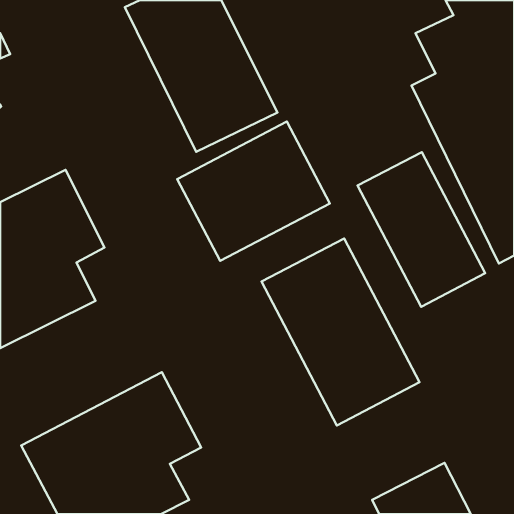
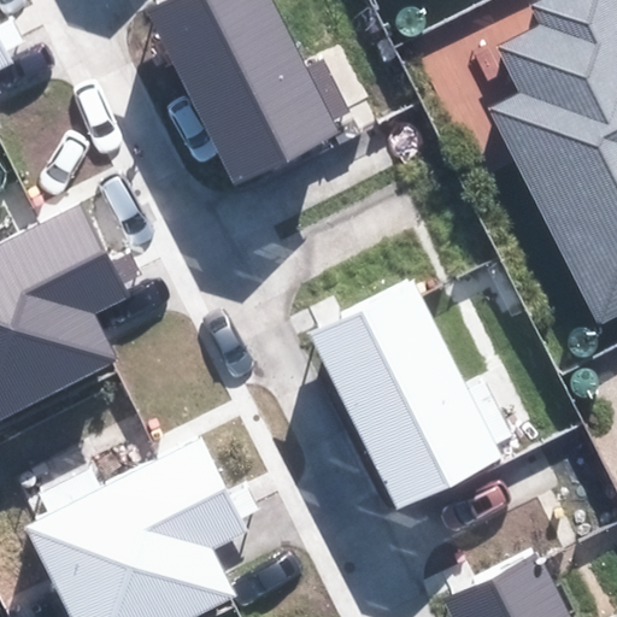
building: [177,122,330,261] -> none
building: [358,152,485,307] -> none

